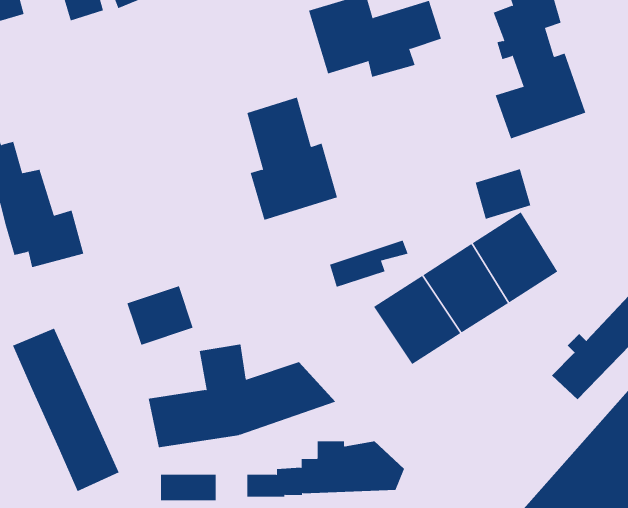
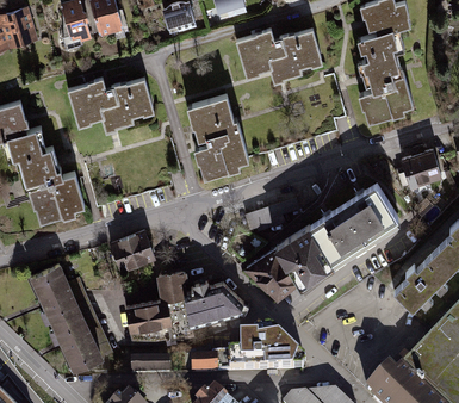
building: none -> [67,80,155,136]
building: [475,169,531,220] -> [405,144,444,179]
building: none -> [247,241,303,296]

